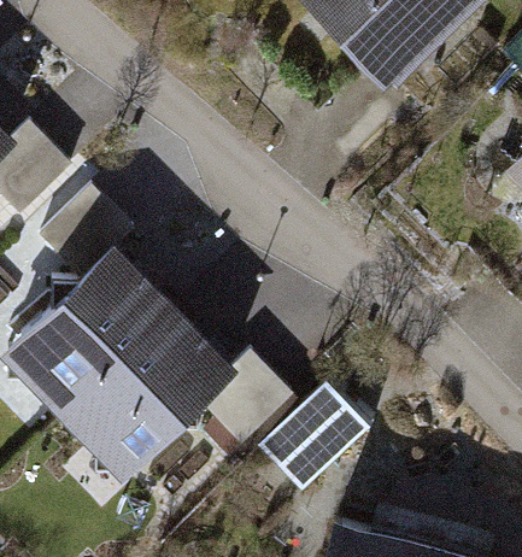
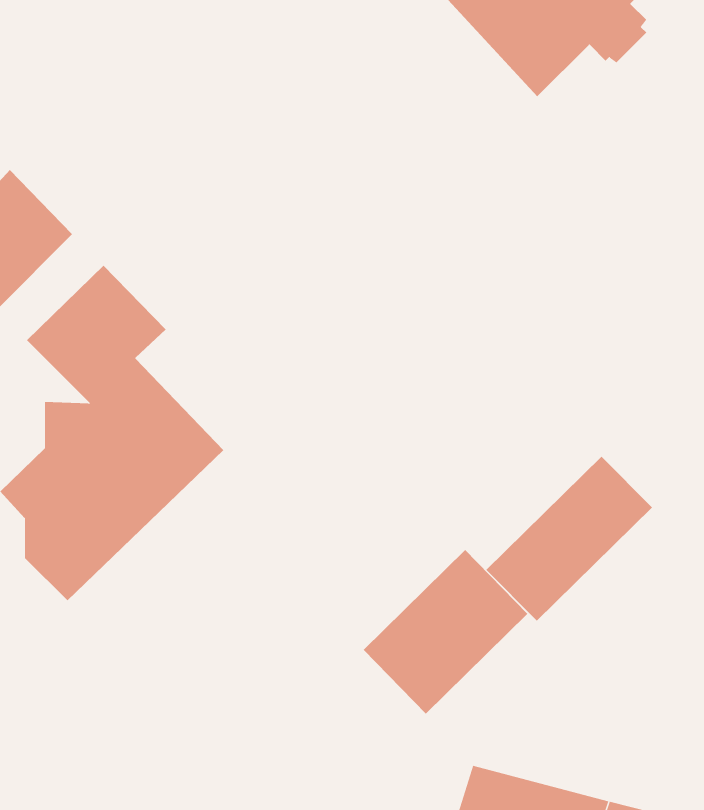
building: [65,311,291,461] -> none
building: none -> [486,456,653,621]

